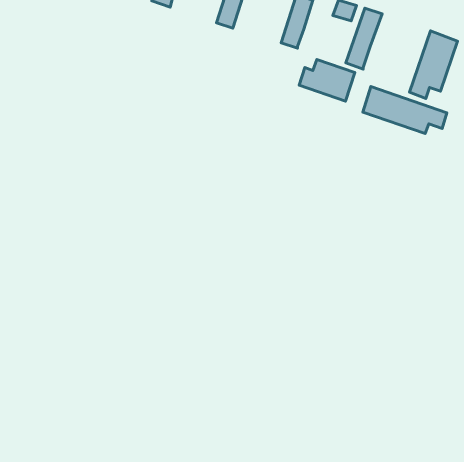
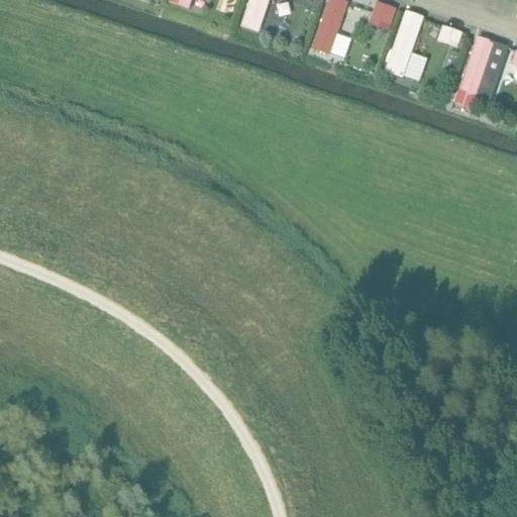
building: [299,59,355,101] -> none
building: [363,87,447,134] -> none

